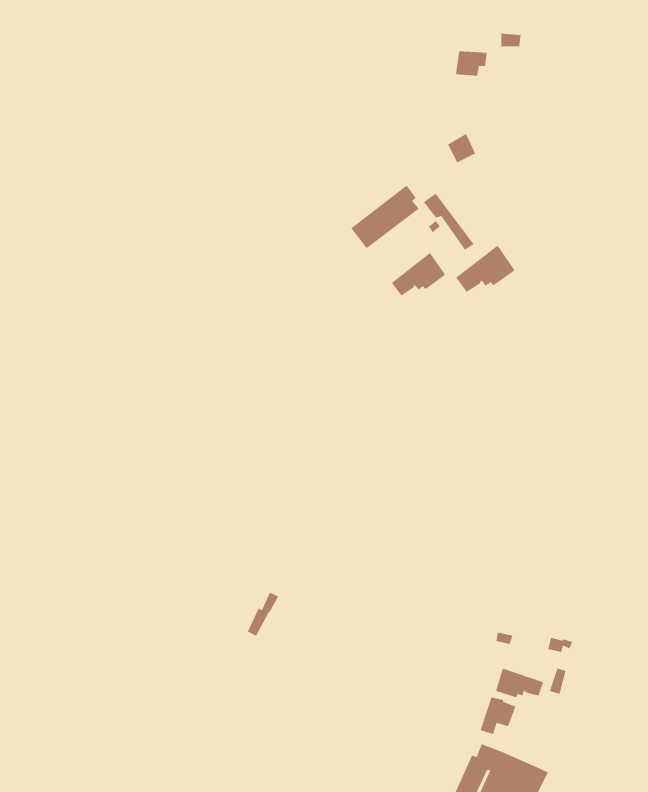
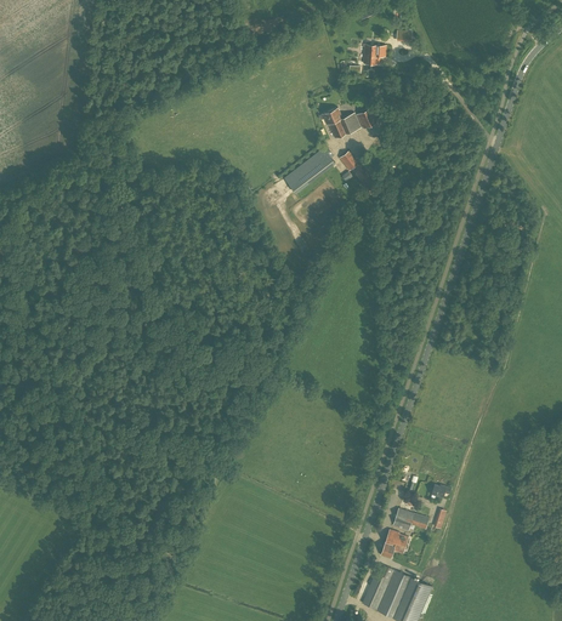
building: none -> [317,108,361,138]
building: [455,244,515,293] -> none
building: [391,252,446,296] -> none

